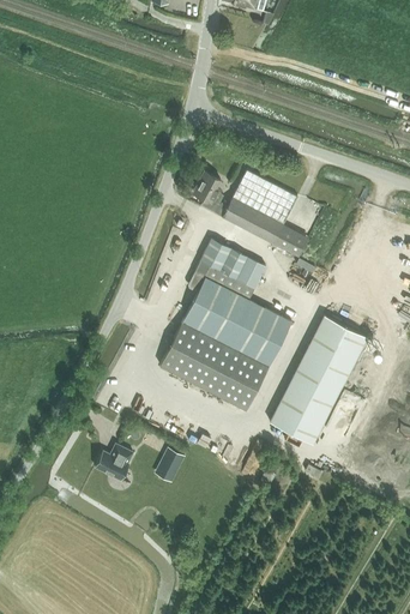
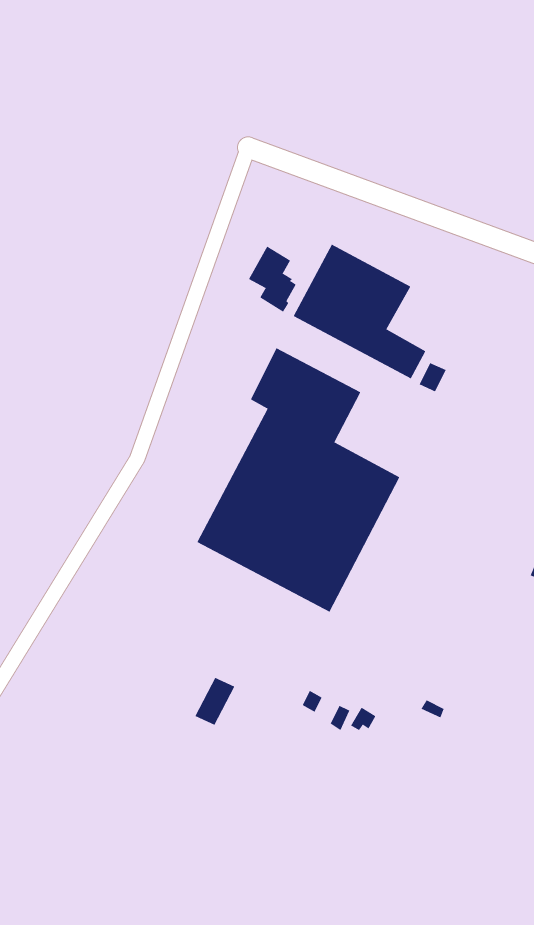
building: [270,315,368,445] -> none
building: [96,444,134,481] -> none

